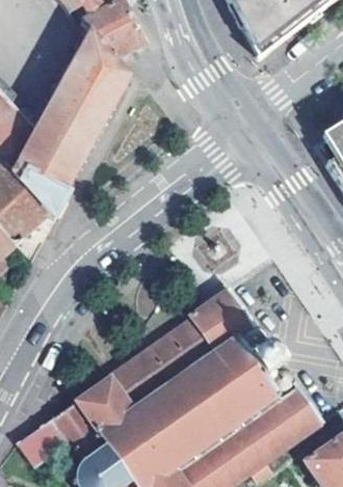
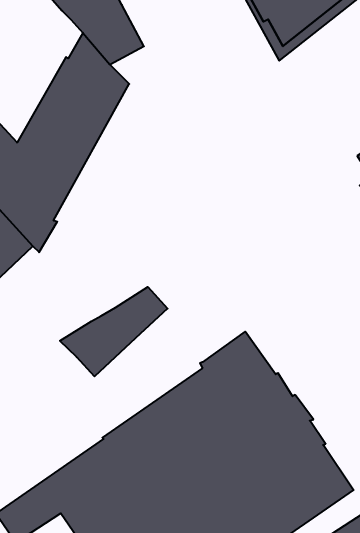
building: none -> [60,287,168,376]

